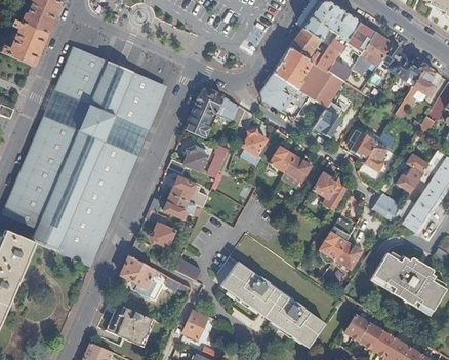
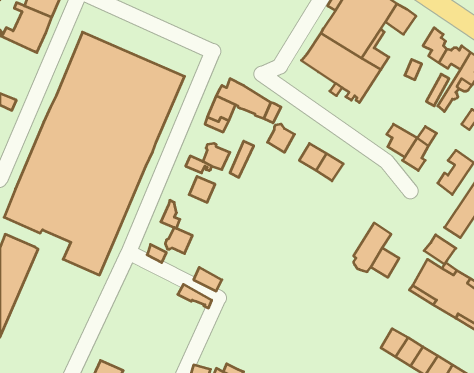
building: [355,32,393,68] -> none
building: [260,72,293,111] -> none
building: [314,110,340,136] -> none
building: [314,172,346,209] -> none
building: [163,193,189,219] -> none
building: [372,193,401,219] -> [424,235,456,264]
building: [32,225,65,251] -> none
building: [121,255,155,287] -> none
building: [220,261,325,347] -> none
building: [106,304,151,345] -> none
building: [182,309,208,339] -> none

